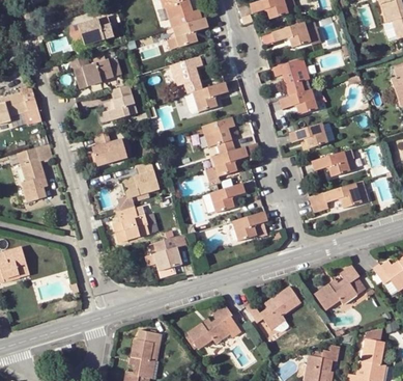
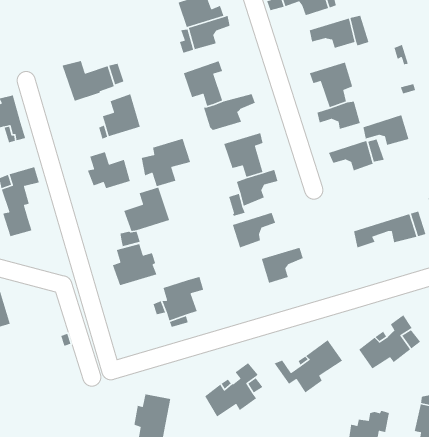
building: [80,19,115,45] -> none
building: none -> [141,138,191,187]
building: [312,149,350,175] -> [363,114,409,146]

